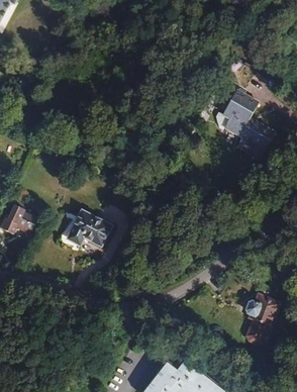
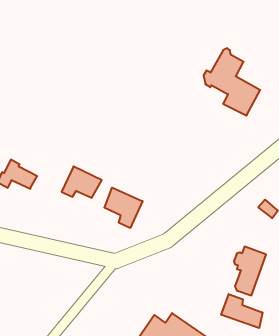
building: none -> [104,188,143,228]
building: none -> [221,294,263,328]

